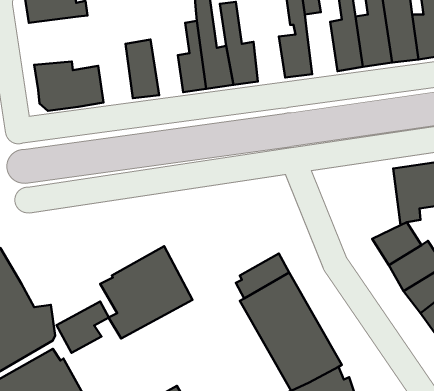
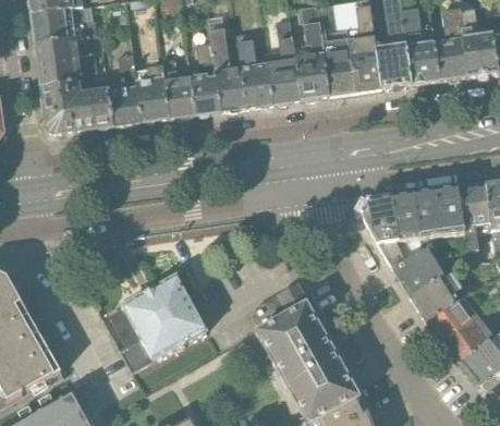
building: none -> [268,28,302,104]
building: none -> [36,36,98,86]
building: none -> [325,41,356,96]
building: none -> [107,52,144,125]
building: none -> [162,59,196,118]
building: none -> [362,194,422,267]
building: [57,301,109,353] -> none

